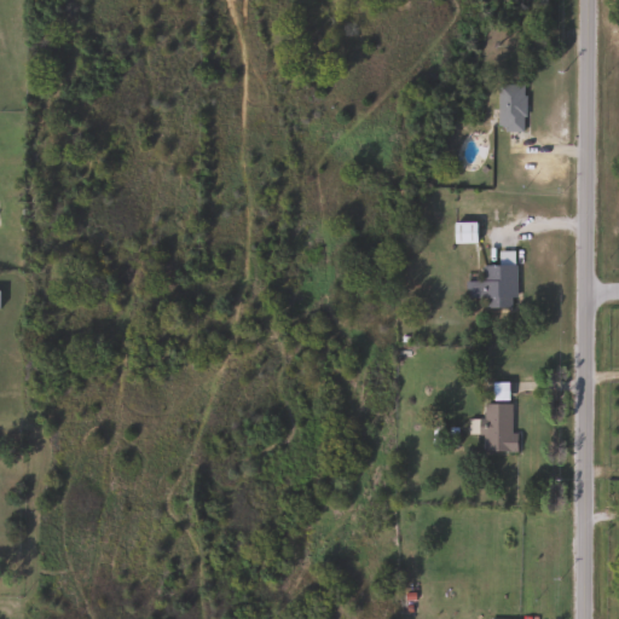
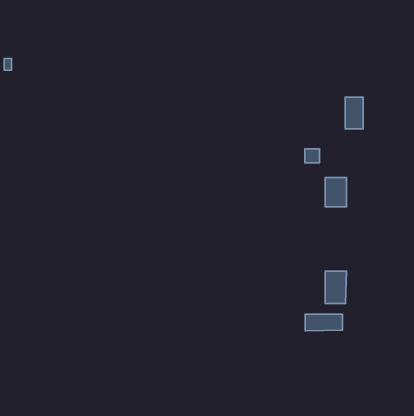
building: [499,83,526,131] -> [345,97,363,129]
building: none -> [305,314,343,331]

